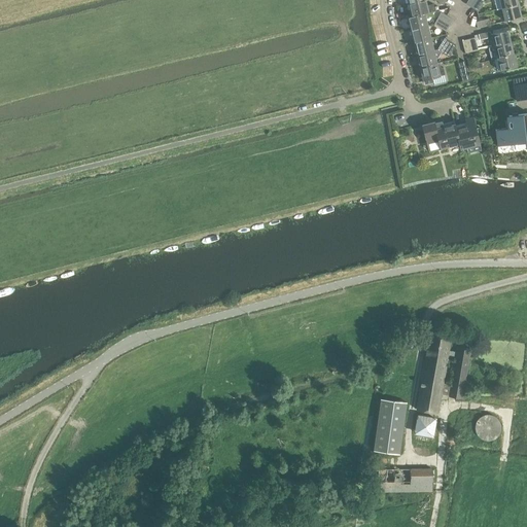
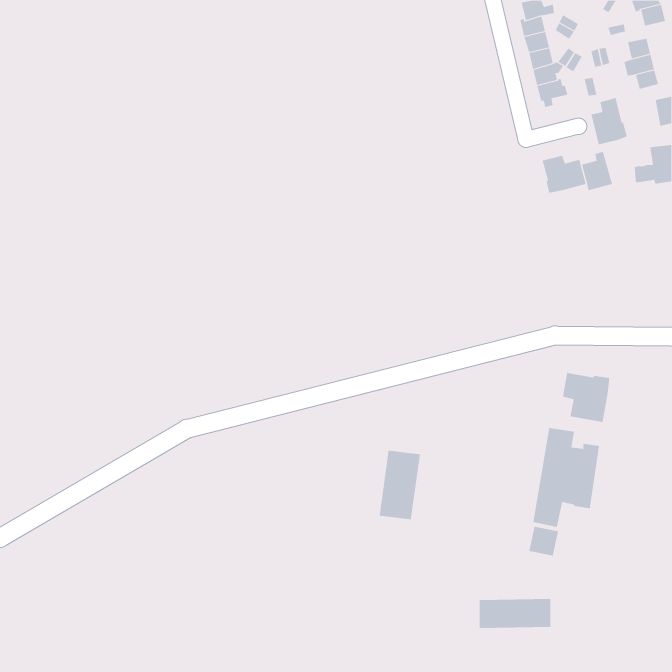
building: none -> [591,97,627,145]
building: none -> [563,372,610,423]
building: [373,399,406,454] -> [379,450,421,520]
building: [479,414,500,435] -> none

